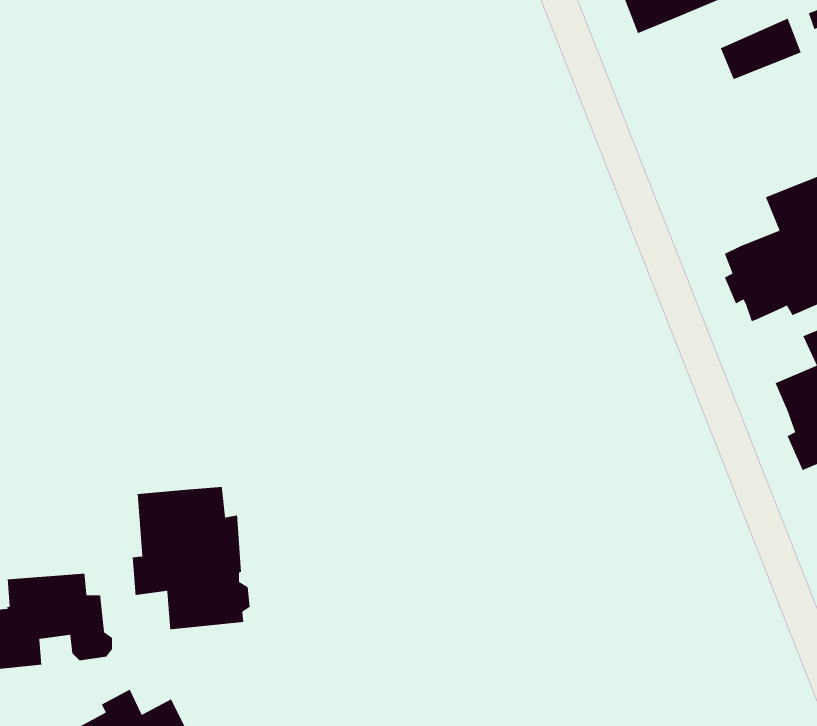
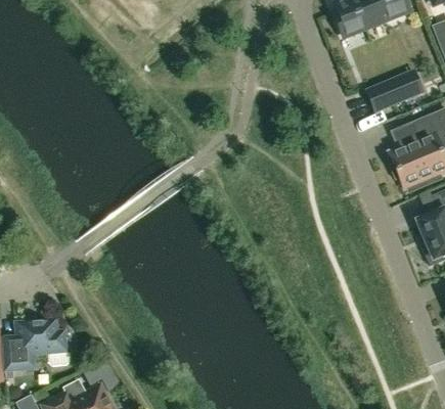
building: [720,18,802,80] -> [368,77,411,109]
building: [132,486,251,630] -> none

